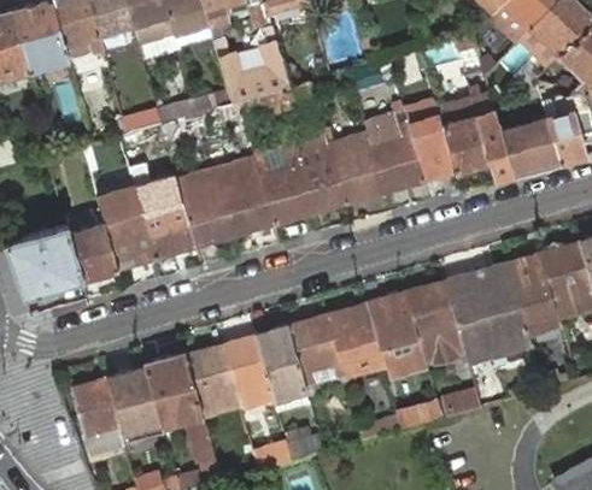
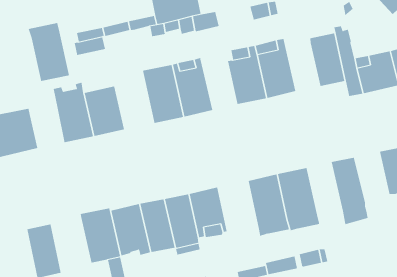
building: [406,113,455,179] -> none
building: [293,118,345,212] -> none
building: [175,165,235,246] -> [28,23,70,82]
building: [69,223,116,278] -> none
building: [508,253,562,333] -> none
building: [445,271,500,362] -> none
building: [327,303,383,386] -> none
building: [106,367,164,443] -> none

